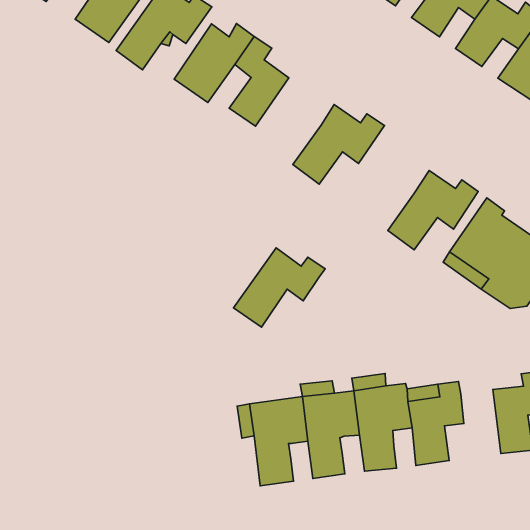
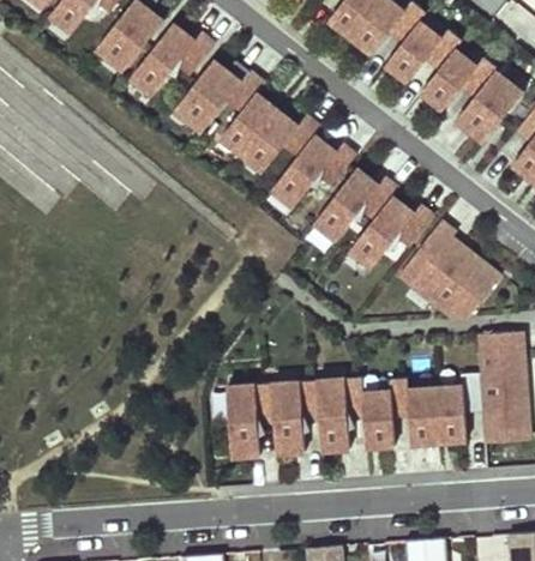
building: none -> [246,110,320,167]
building: [234,248,325,327] -> [318,169,398,236]
building: none -> [408,387,439,445]

